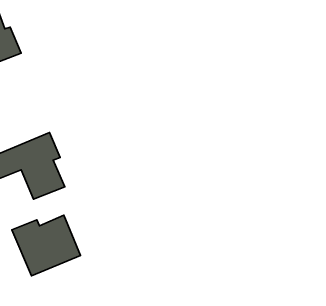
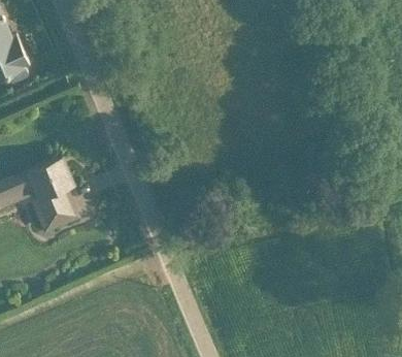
building: [12,215,81,276] -> none

